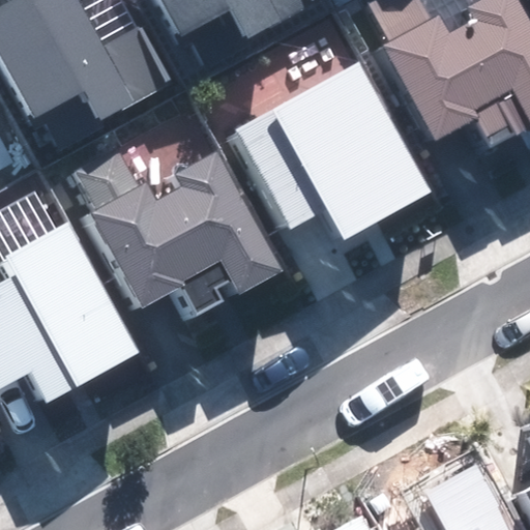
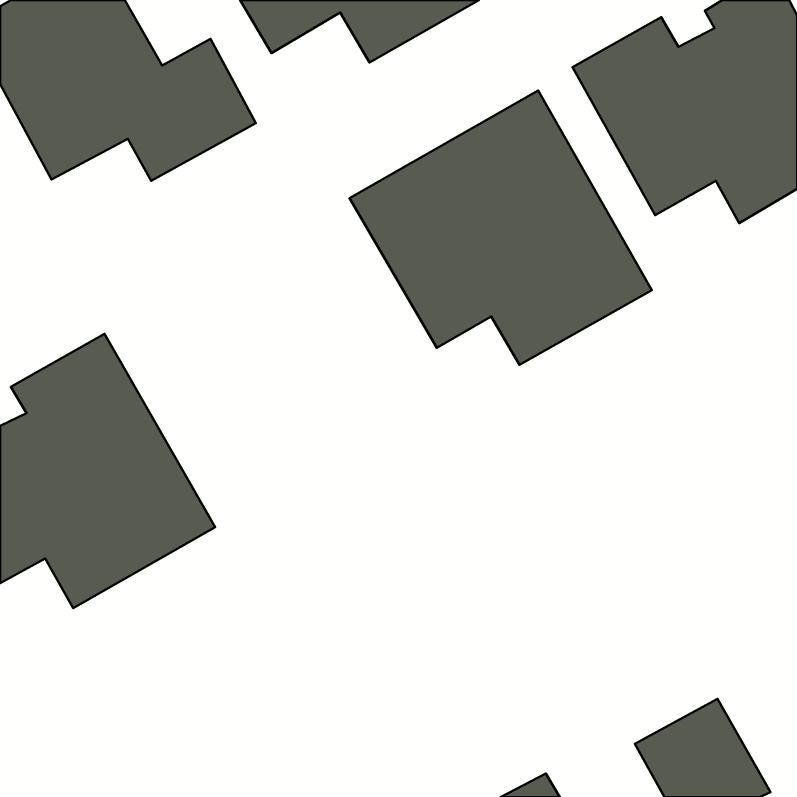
building: [73,146,284,317] -> none

